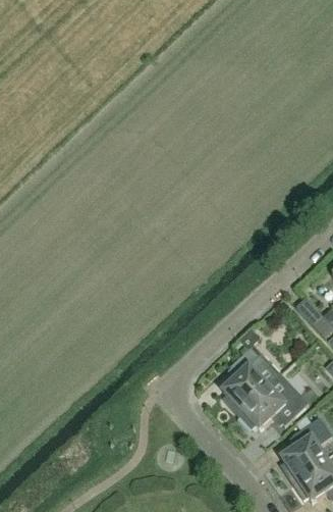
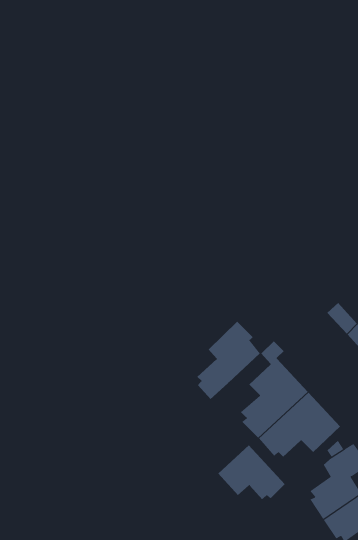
building: none -> [196,321,261,400]
building: none -> [218,444,286,500]

